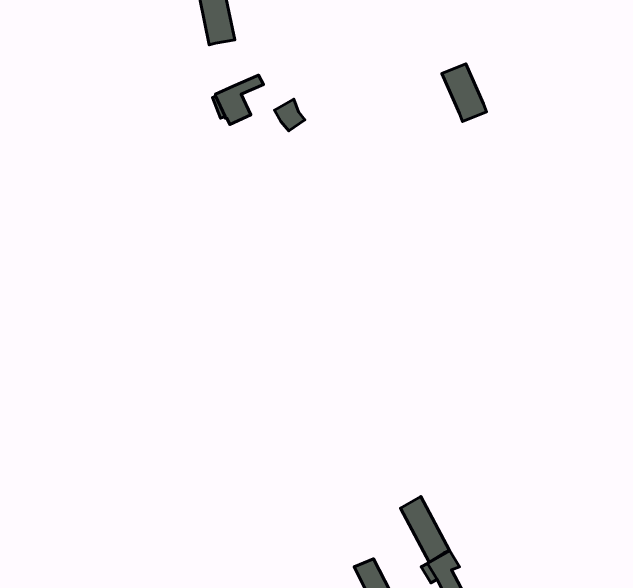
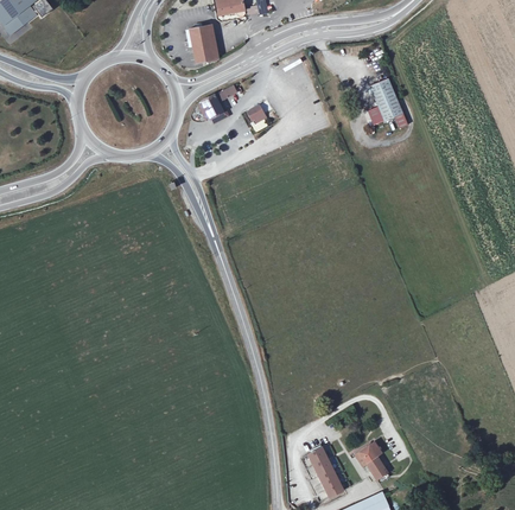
building: [400,497,450,562] -> none

